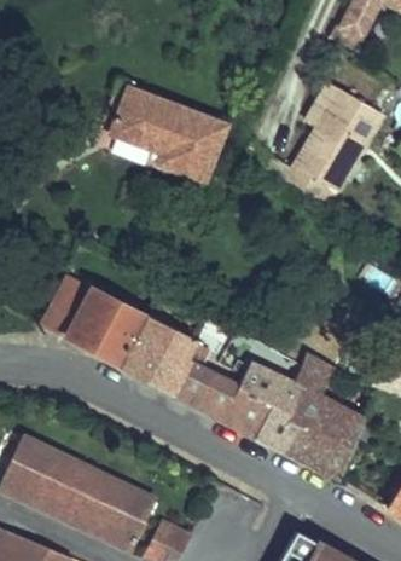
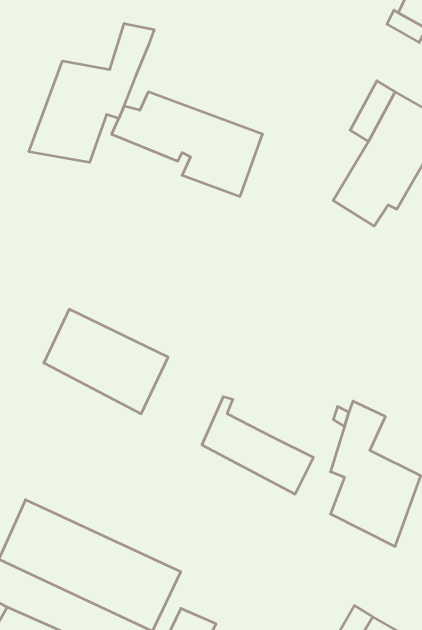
building: none -> [29,23,154,162]
building: [122,317,196,392] -> none
building: [236,363,296,451] -> none

